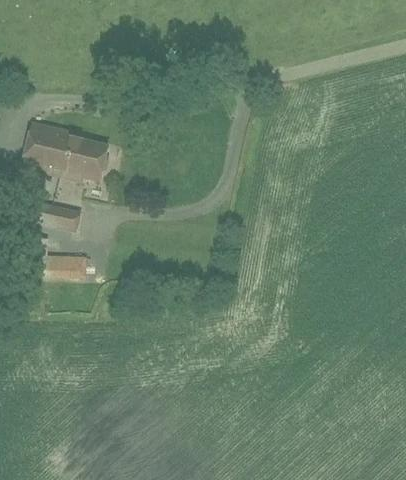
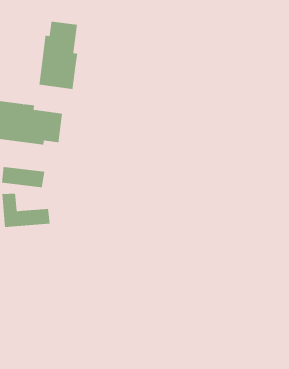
building: none -> [39,21,78,90]

